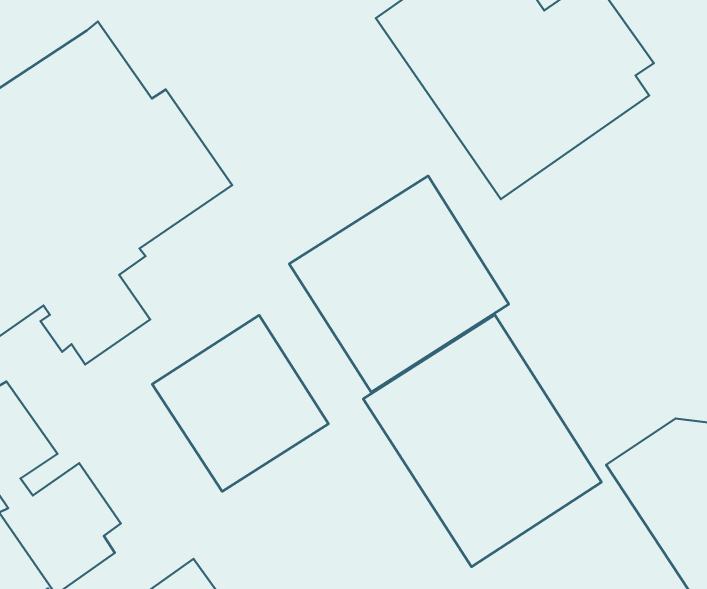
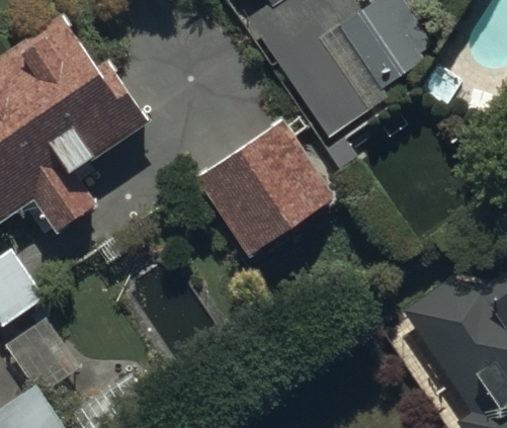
building: [363,315,601,567] -> none
building: [152,315,328,492] -> none

